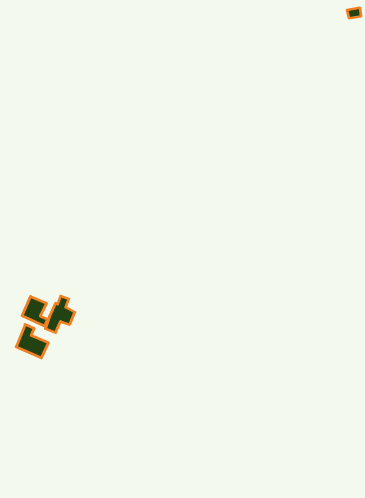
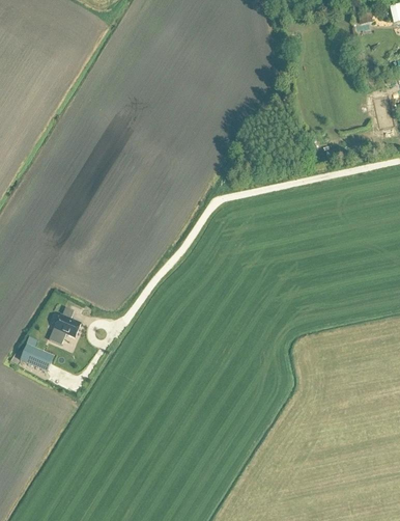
building: [22,296,48,326] -> none

